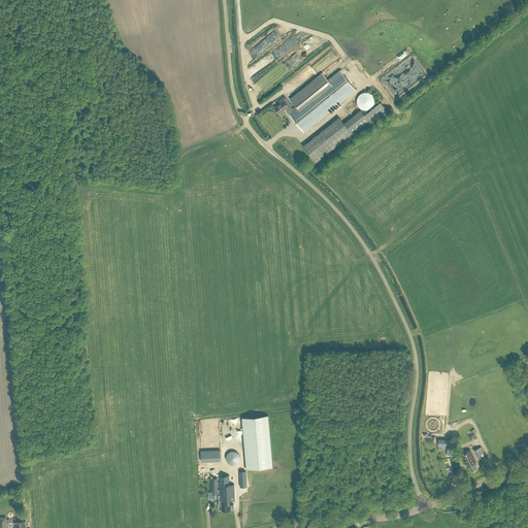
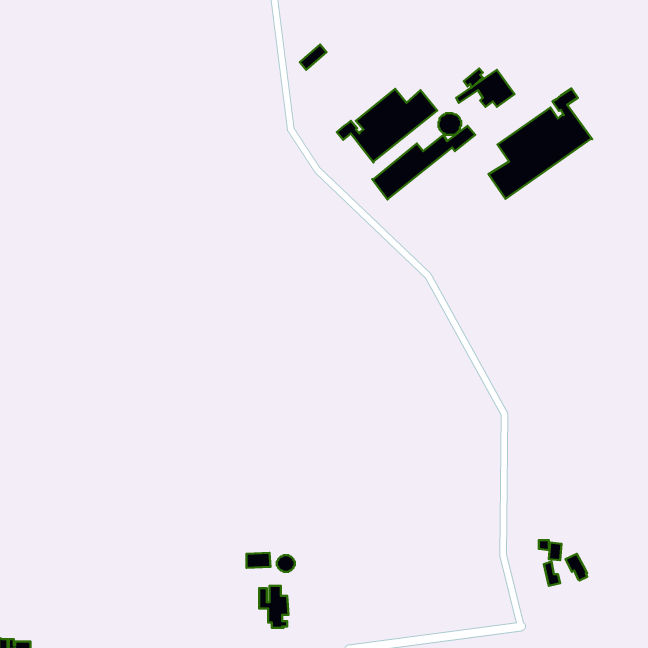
building: none -> [489,88,592,199]
building: [240,417,272,470] -> none

